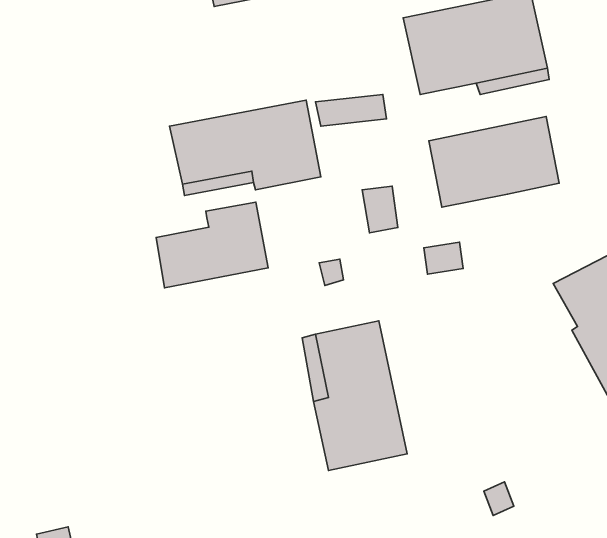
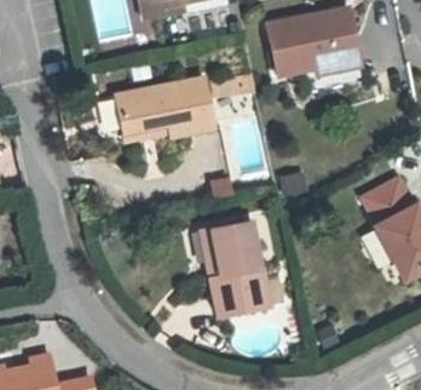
building: [429,117,559,207] -> none
building: [156,202,268,288] -> none

